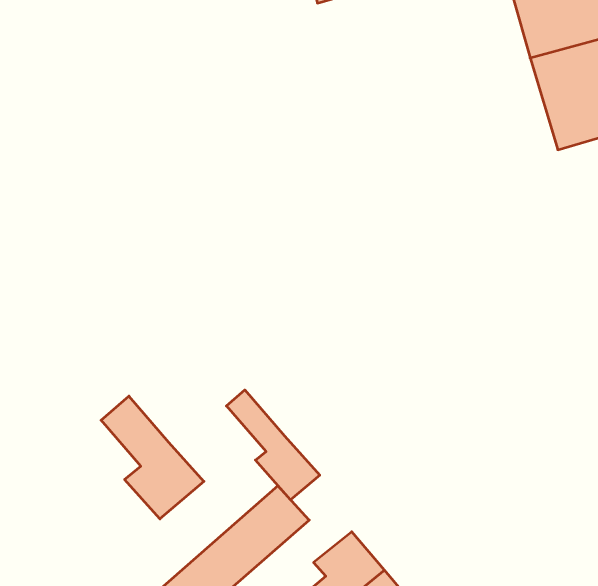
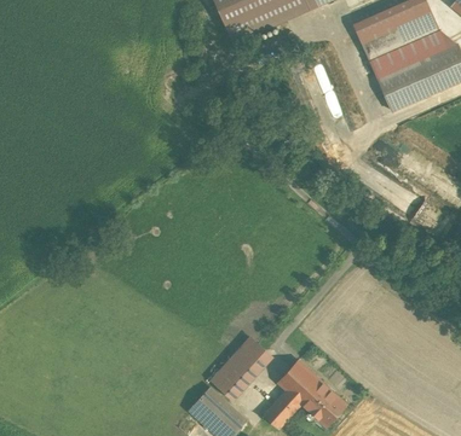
building: [226,390,320,500] -> none
building: [101,396,204,519] -> none

